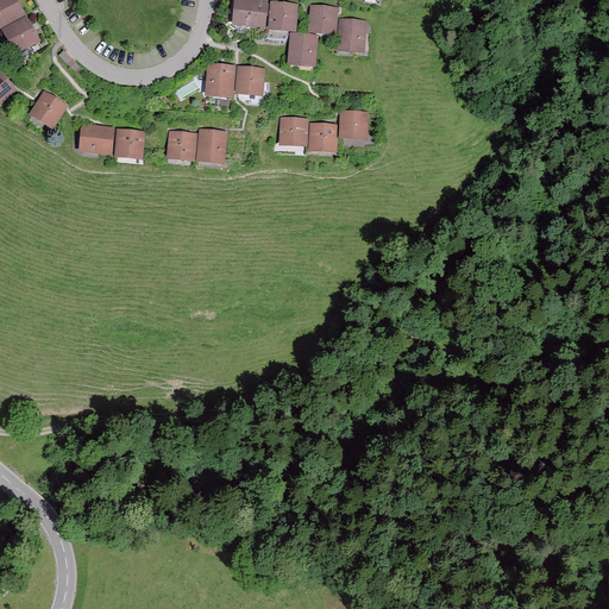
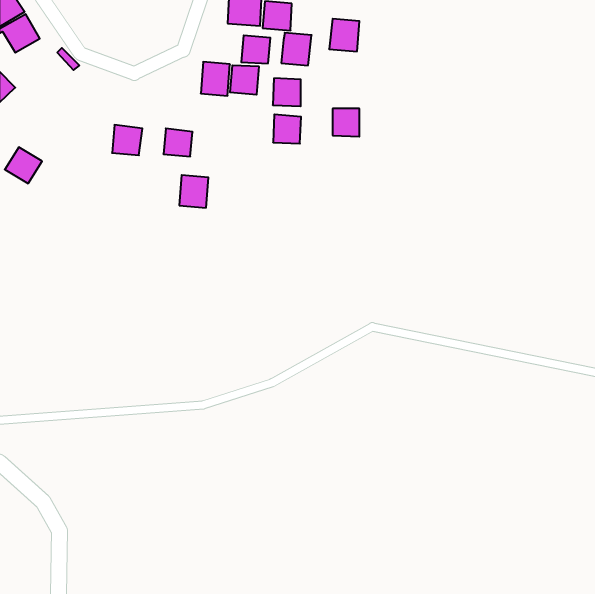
building: [308,5,338,33] -> [241,35,270,63]
building: [29,92,67,128] -> [5,147,42,183]
building: [308,123,337,151] -> [273,78,301,106]
building: [79,124,114,155] -> none
building: [196,130,226,163] -> [179,175,208,208]

